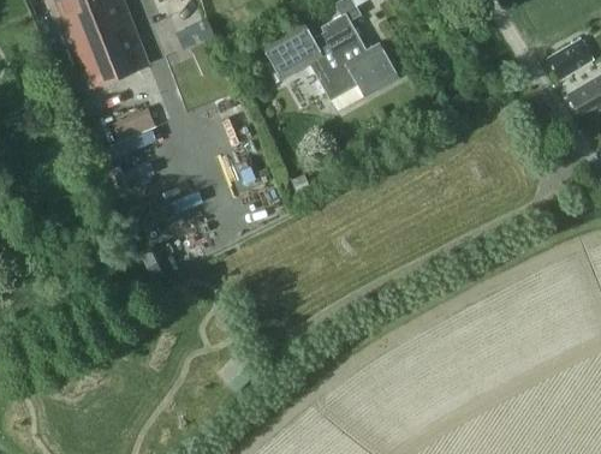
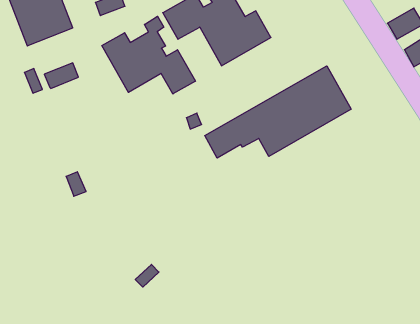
building: none -> [102,16,195,94]
building: none -> [205,66,351,158]

